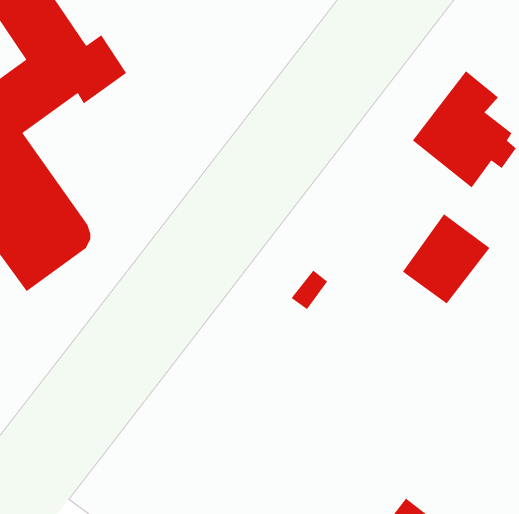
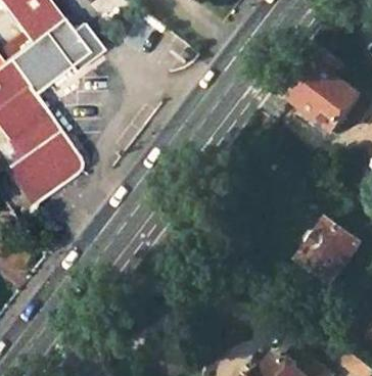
building: [402,213,490,305] -> [298,217,359,279]

